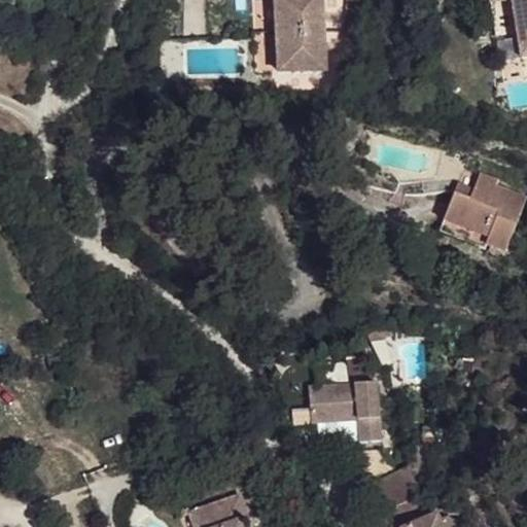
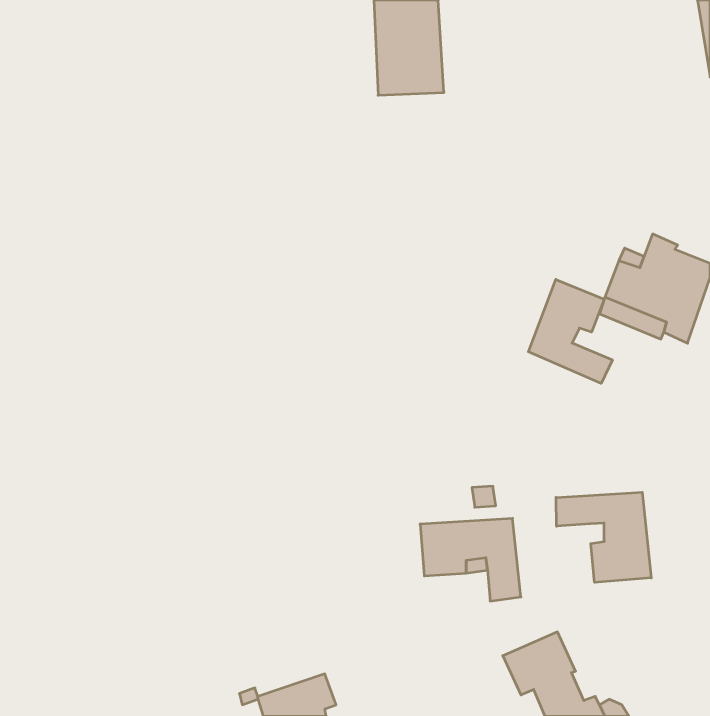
building: none -> [528,279,612,383]
building: none -> [556,492,651,582]

